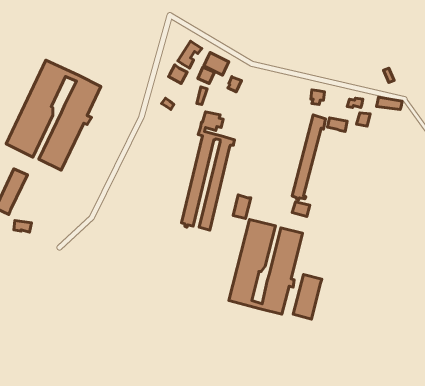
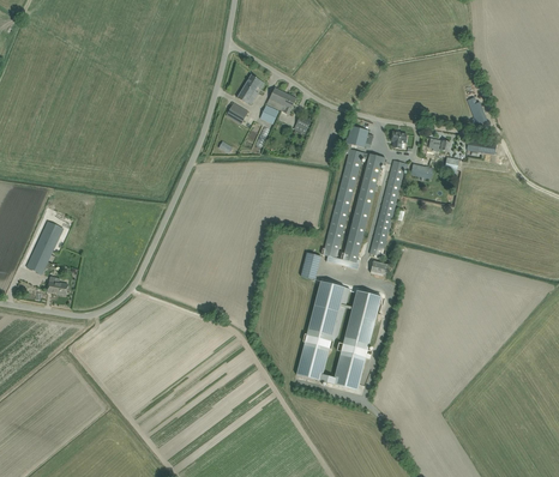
building: [6,60,101,170] -> none
building: [182,112,235,230] -> [324,126,385,262]
building: [293,274,322,319] -> none

